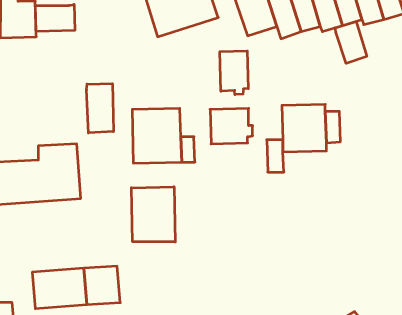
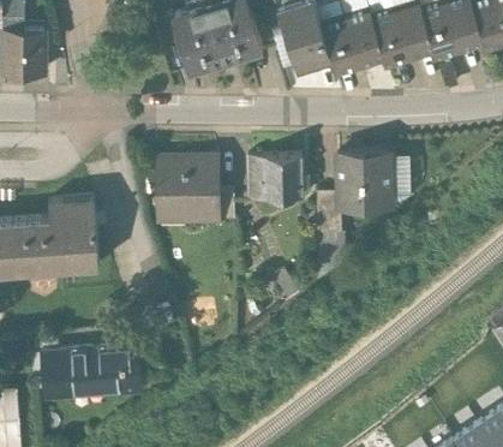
building: [35,4,75,32] -> none
building: [335,21,367,63] -> none
building: [220,51,248,95] -> none
building: [87,84,113,133] -> none
building: [131,187,175,242] -> none

